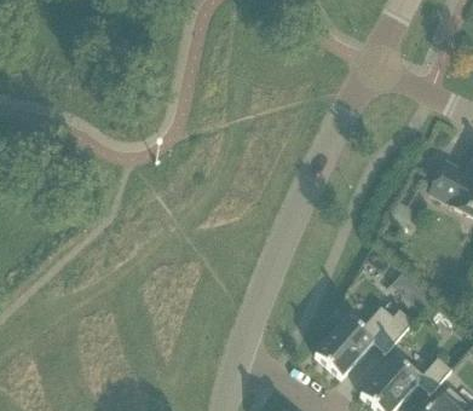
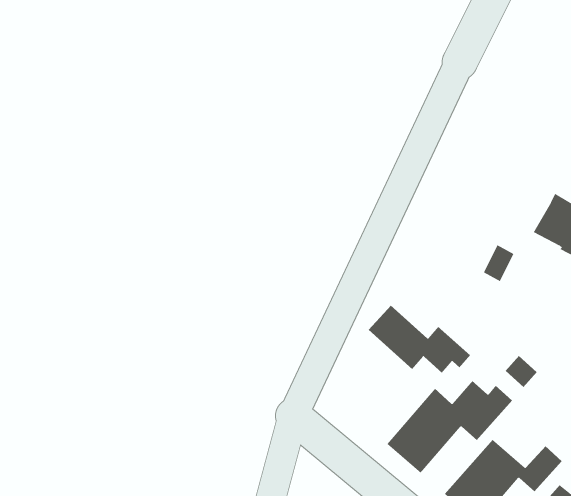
building: none -> [368,305,471,373]

